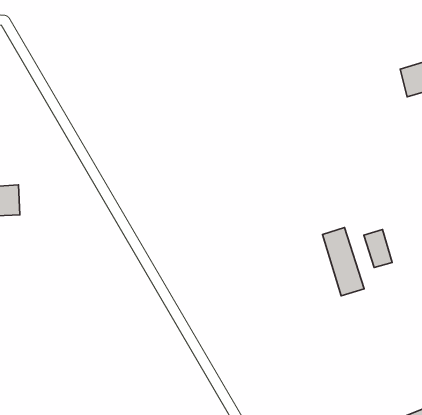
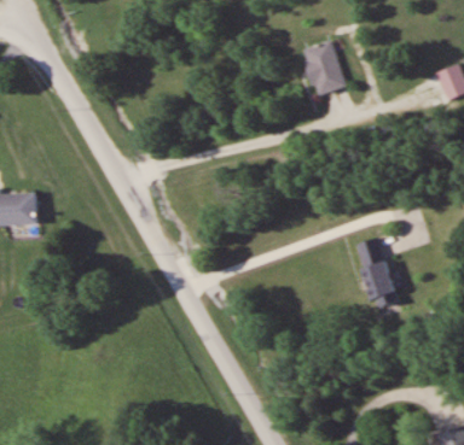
building: none -> [301,41,347,96]
building: [364,230,392,268] -> none

